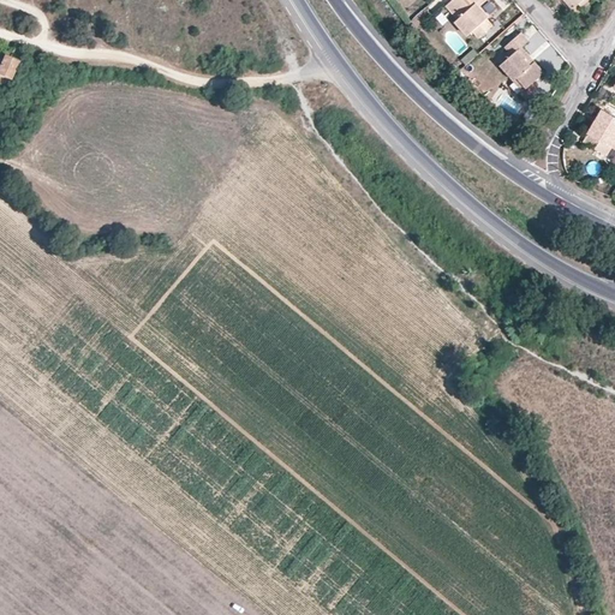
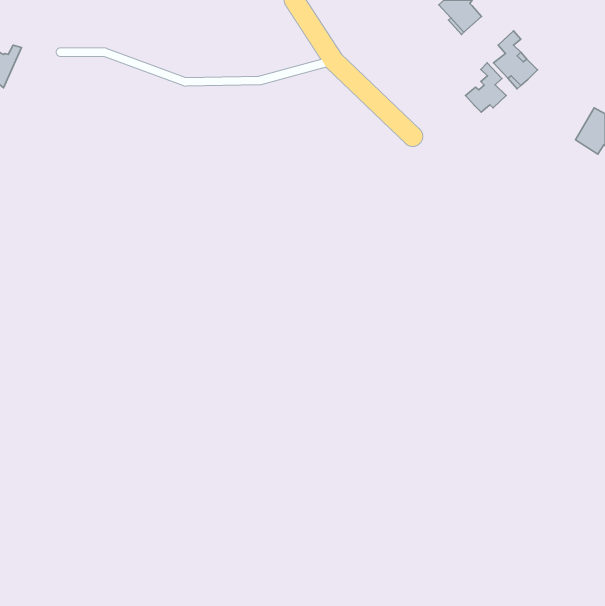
building: none -> [466,63,506,112]

